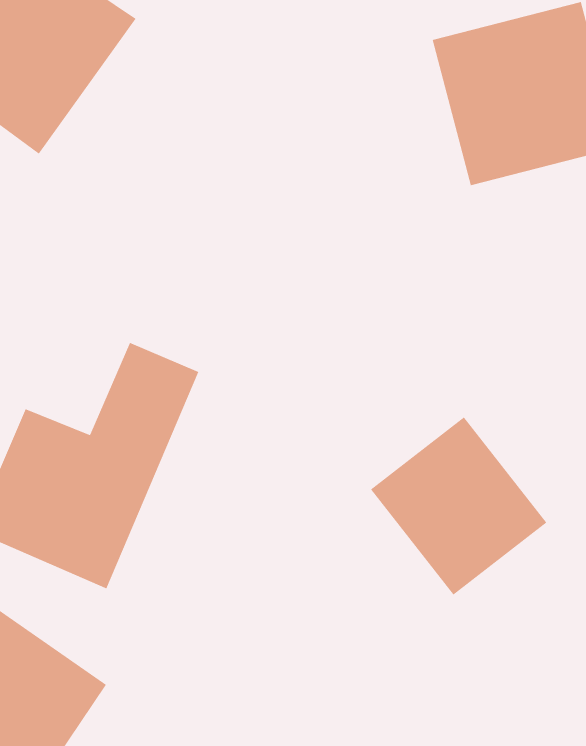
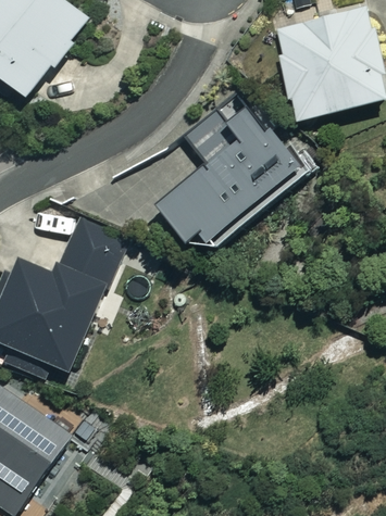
building: none -> [153,93,320,247]
building: [370,417,547,595] -> none

